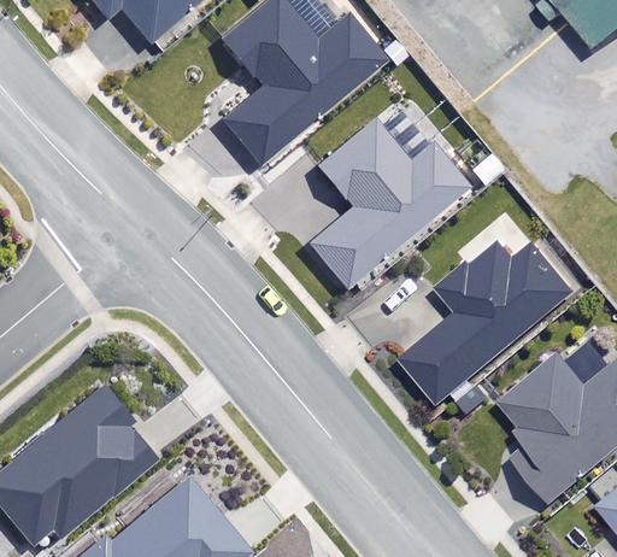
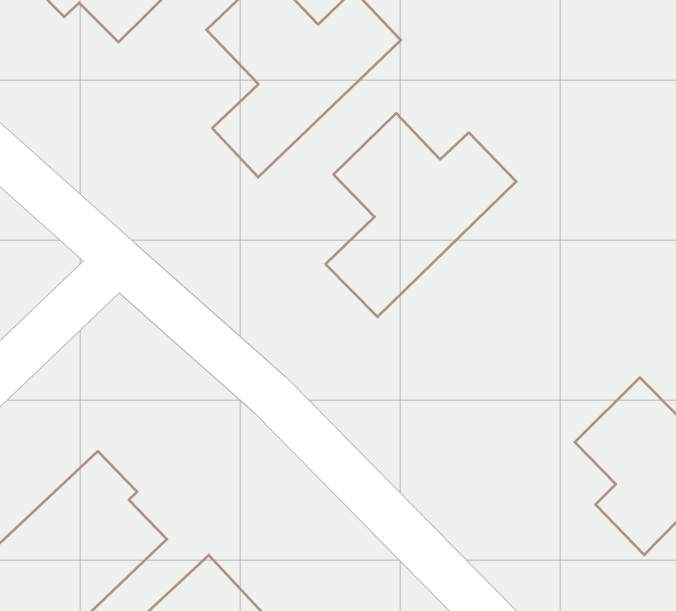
building: [401,241,574,401] -> none

